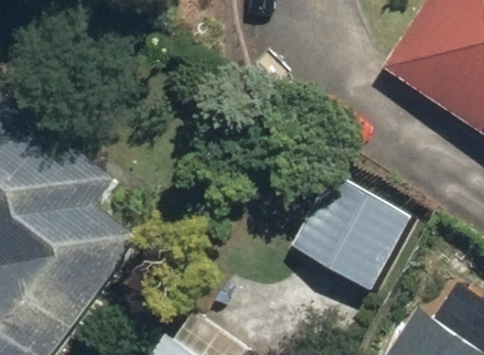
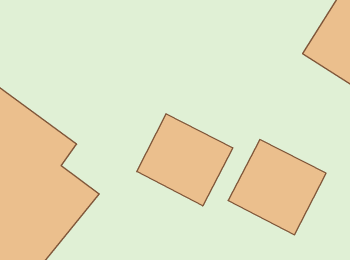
building: none -> [137,114,233,206]

